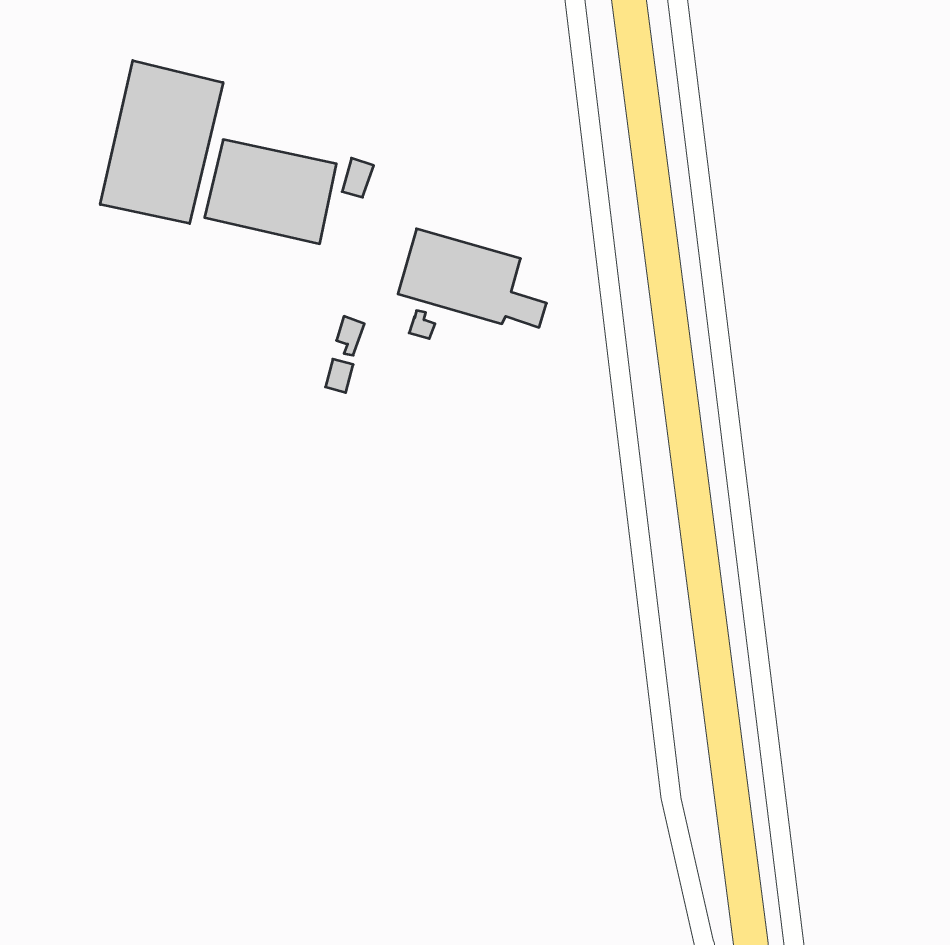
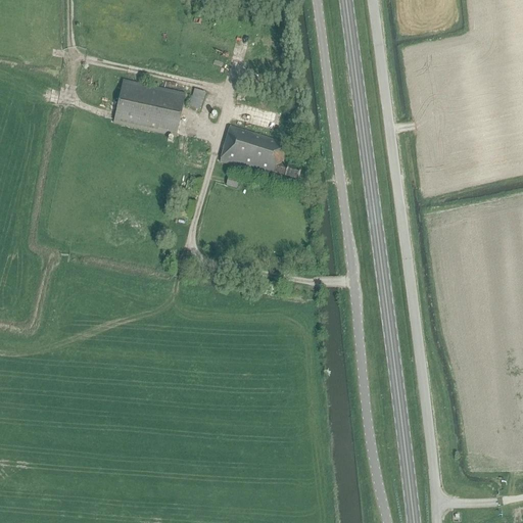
building: [100,60,223,224] -> none

